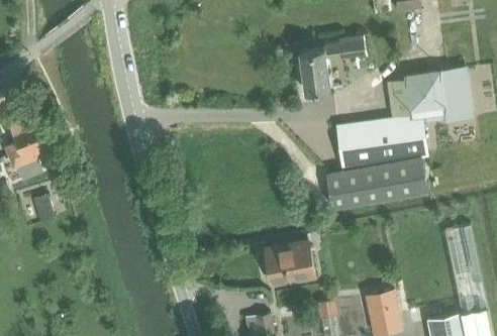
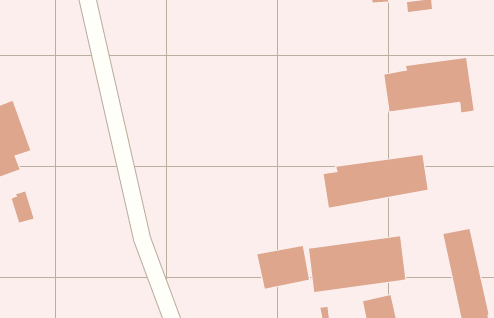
building: [300,35,367,96] -> none
building: [335,116,428,170] -> [308,236,406,292]

